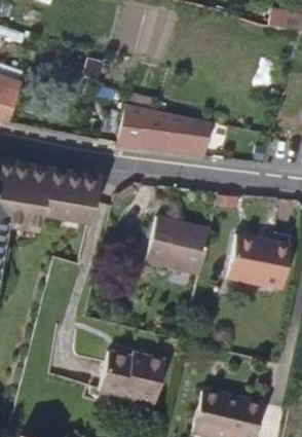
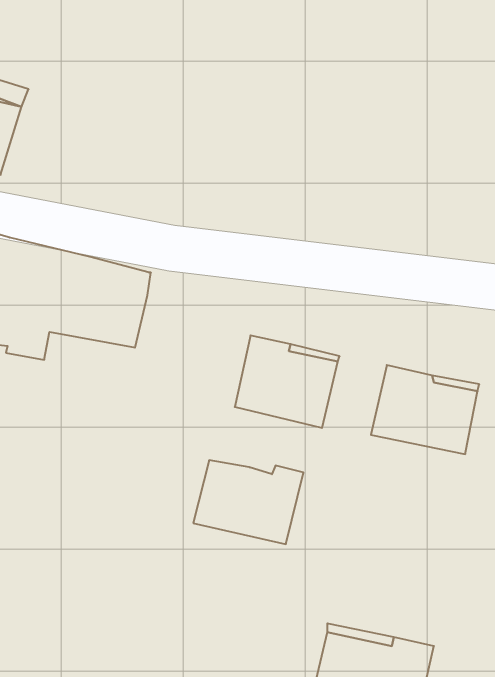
building: [118,104,220,156] -> none
building: [100,354,164,403] -> [193,460,303,544]

